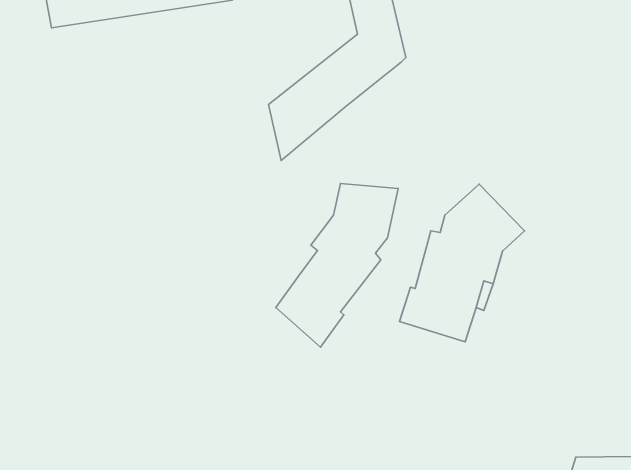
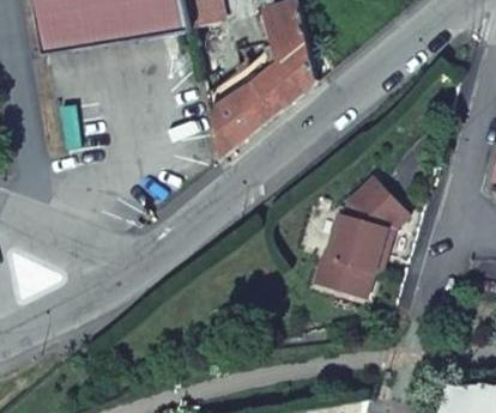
building: [276,183,398,347] -> none

